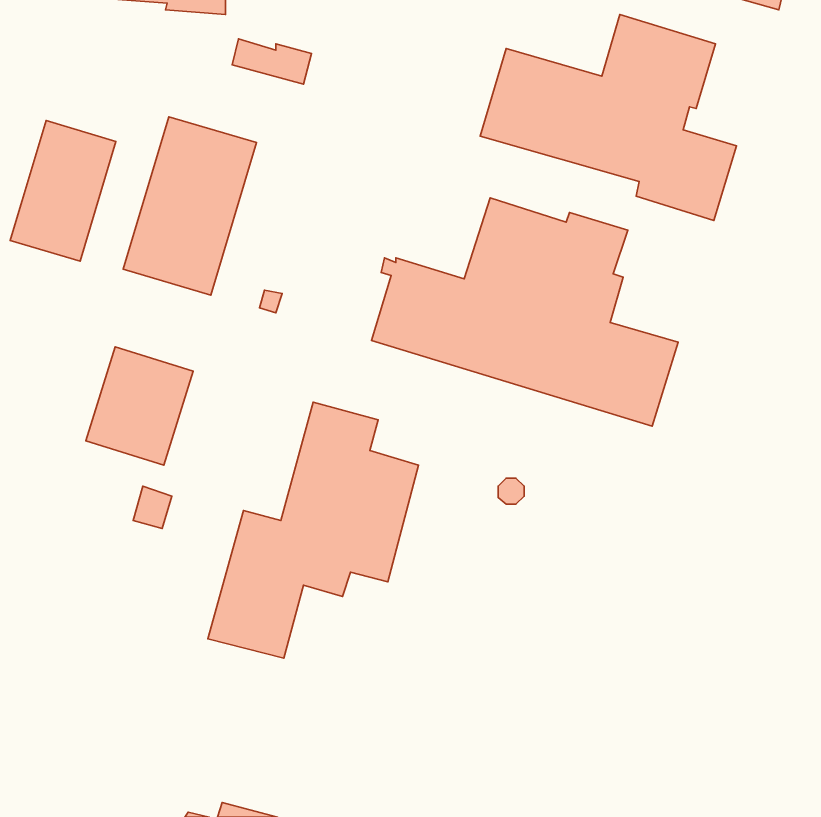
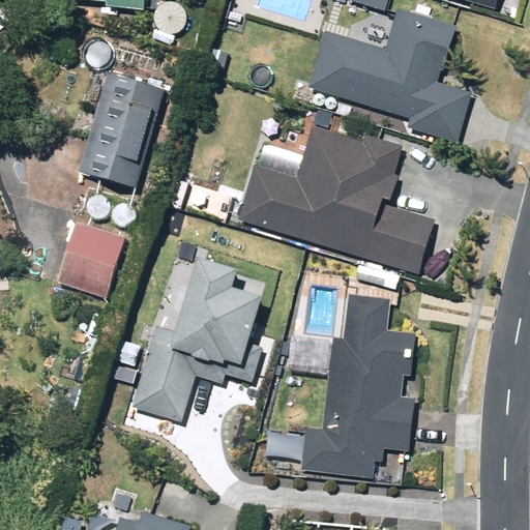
building: [10,121,116,261] -> none
building: none -> [299,296,414,476]

